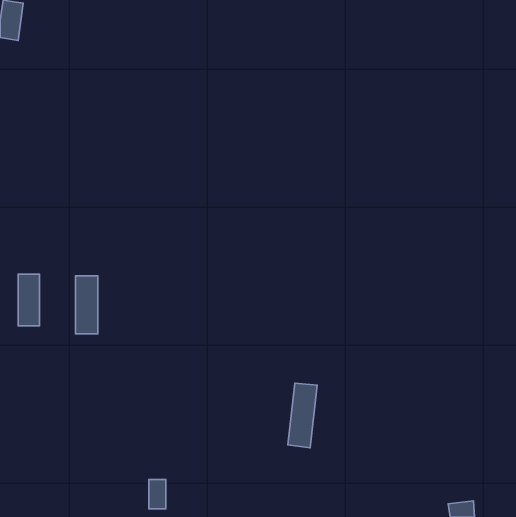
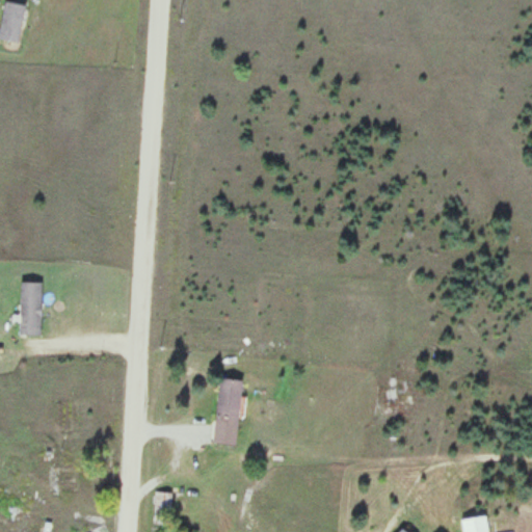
building: [75,276,98,334] -> none
building: [288,383,317,448] -> [213,379,243,446]

